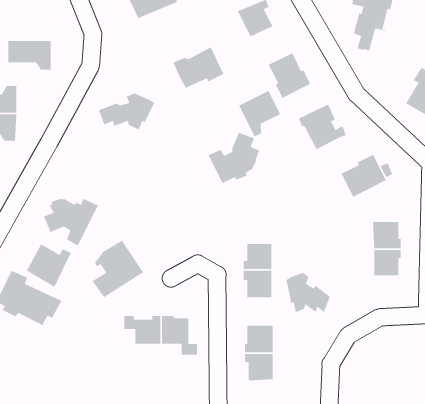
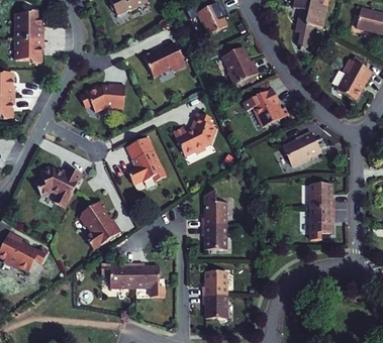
building: none -> [7,12,43,36]
building: [238,90,281,138] -> none
building: none -> [128,143,170,190]
building: [26,243,72,288] -> none
building: [285,272,331,313] -> none

